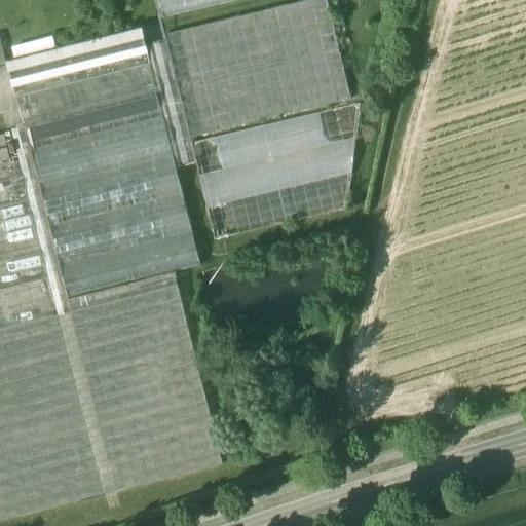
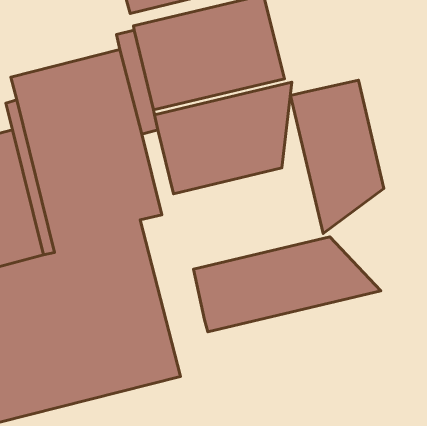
building: [4,26,147,95] -> none
building: none -> [290,80,384,234]
building: none -> [193,237,381,332]

